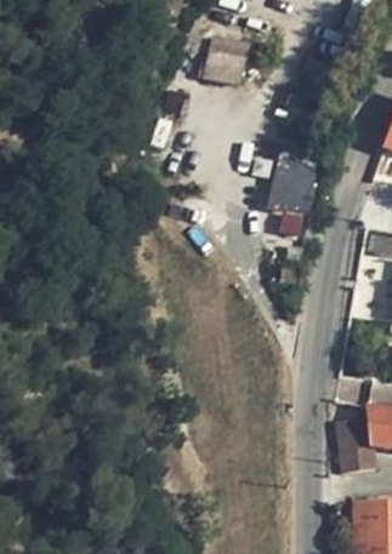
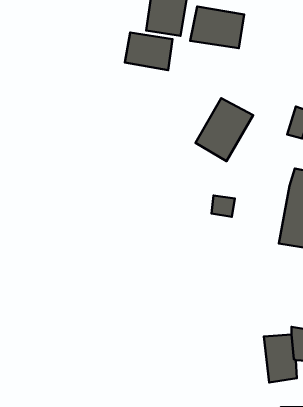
building: none -> [190,6,244,48]
building: none -> [125,33,173,70]

